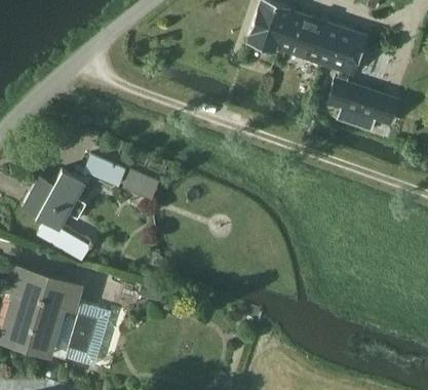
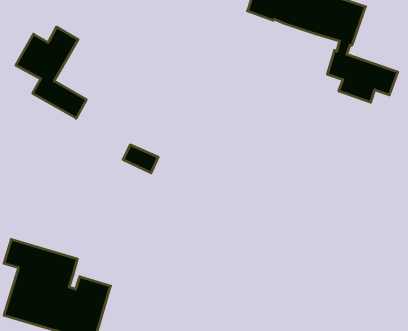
building: [84,154,125,188] -> none
building: [22,170,91,261] -> [16,27,86,118]

